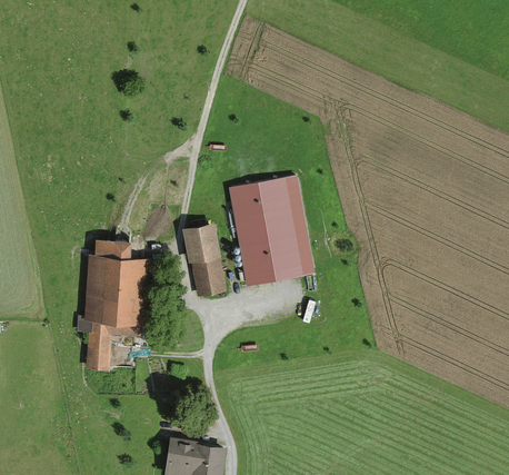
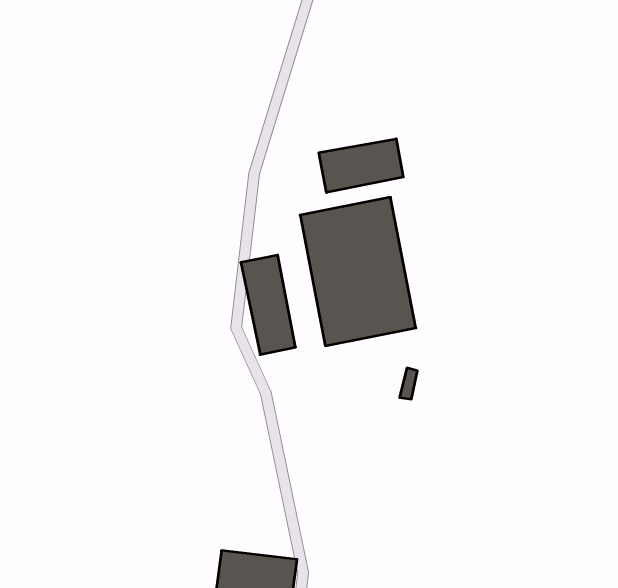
building: none -> [319,139,403,193]
building: [80,237,147,367] -> none

